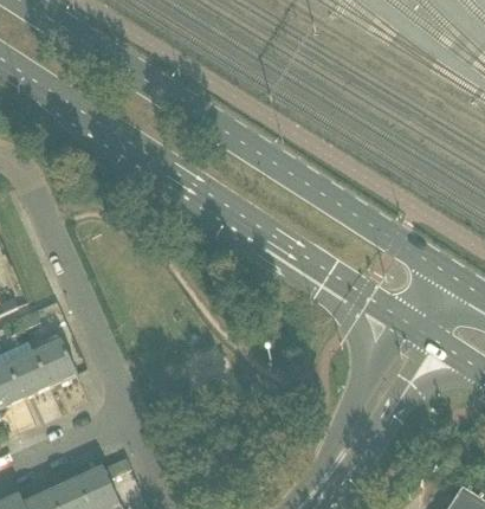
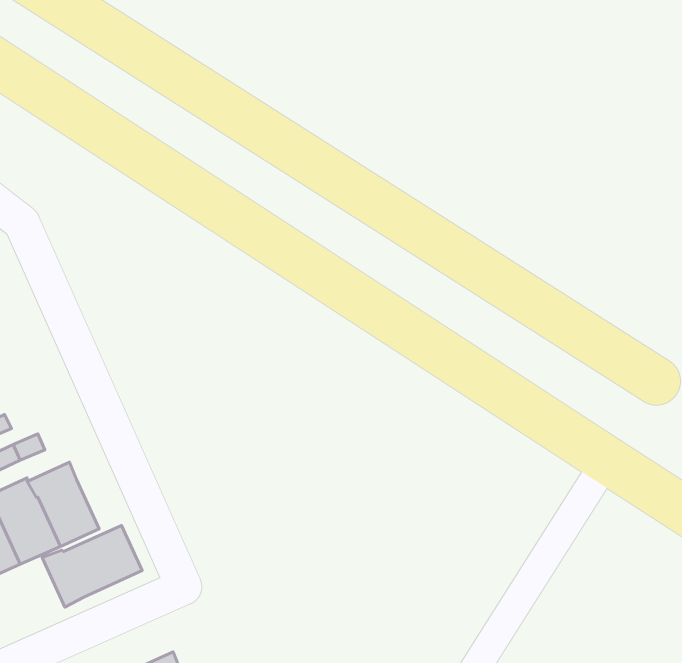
building: none -> [42,525,142,607]

